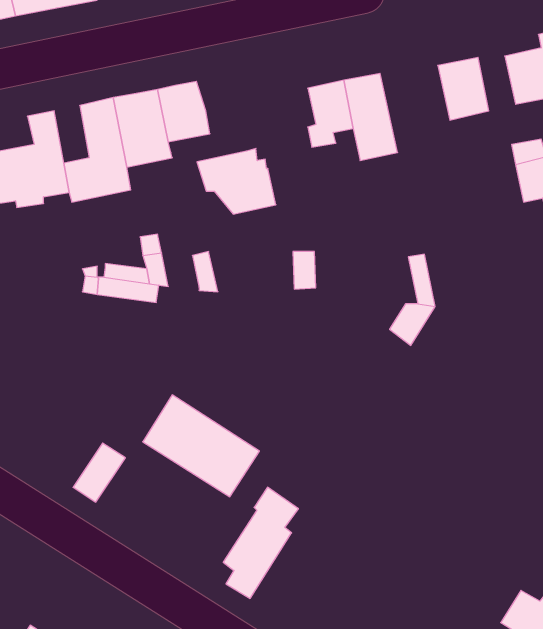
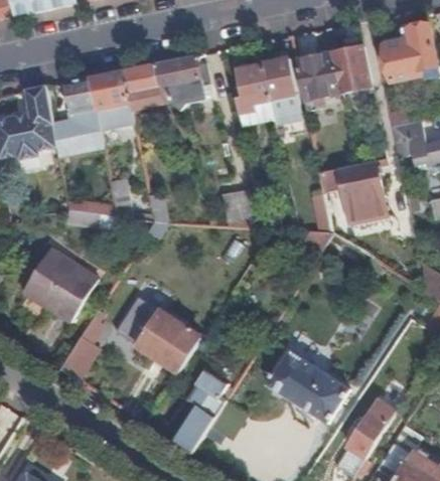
building: none -> [295,51,341,111]
building: [197,148,276,214] -> [151,53,210,103]
building: none -> [318,160,385,215]
building: none -> [19,252,94,324]
building: none -> [266,348,348,423]
building: none -> [346,398,395,457]

